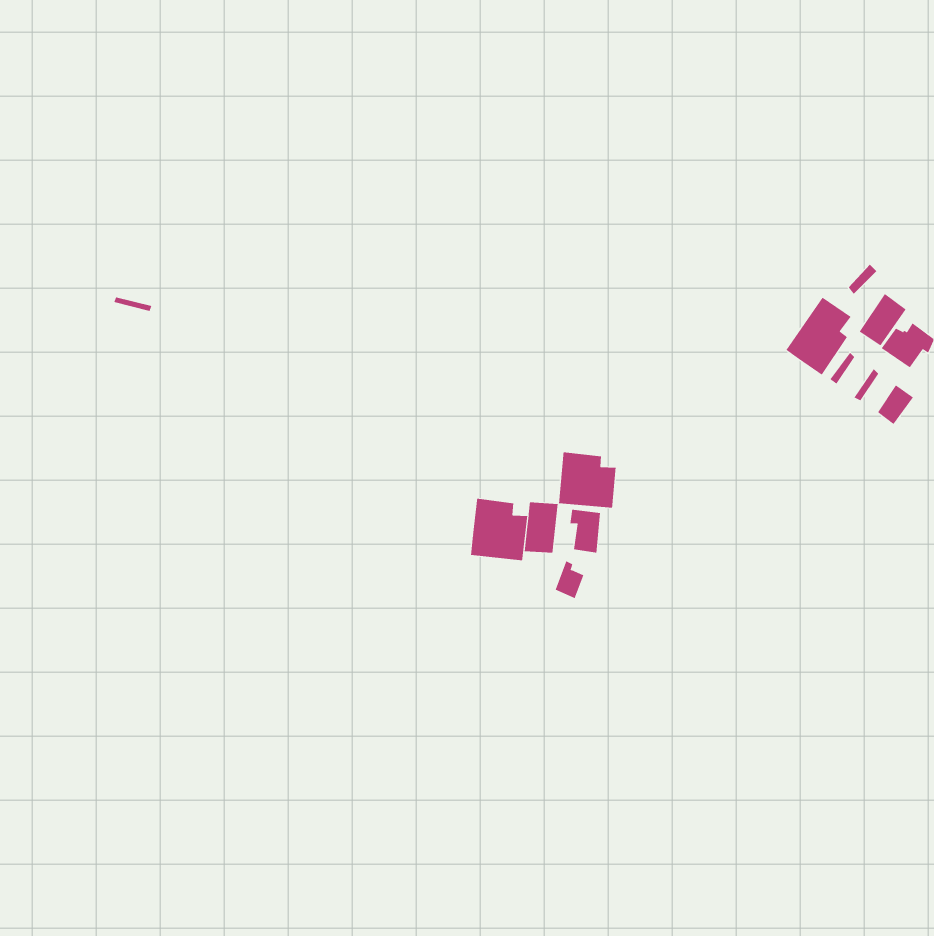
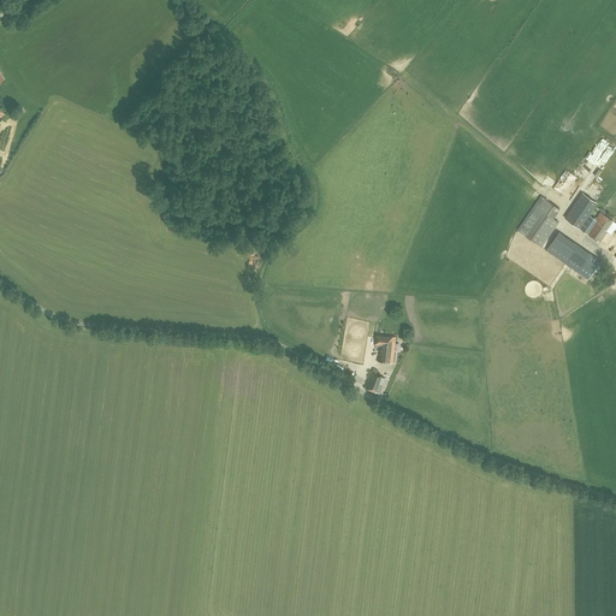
building: [559,451,616,509] -> none
building: [471,498,528,561] -> none

